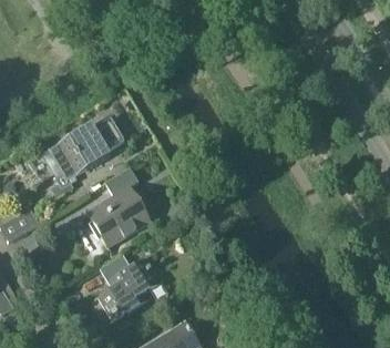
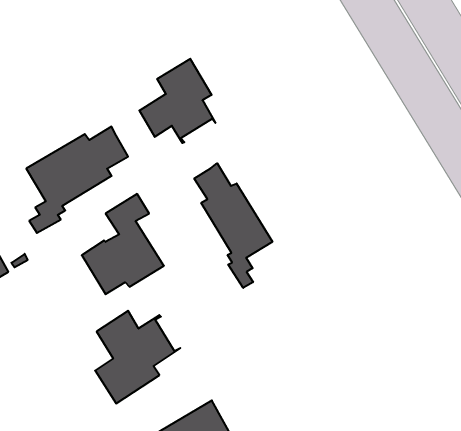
building: none -> [139,59,215,143]
building: none -> [194,163,272,288]

